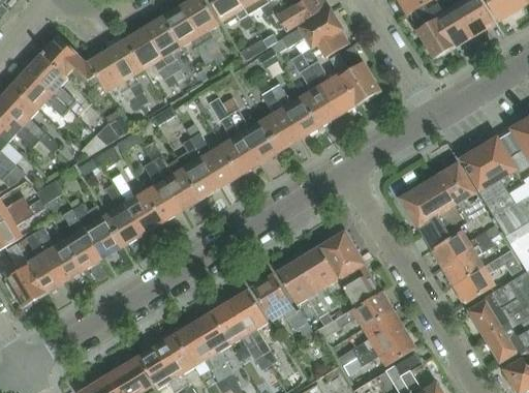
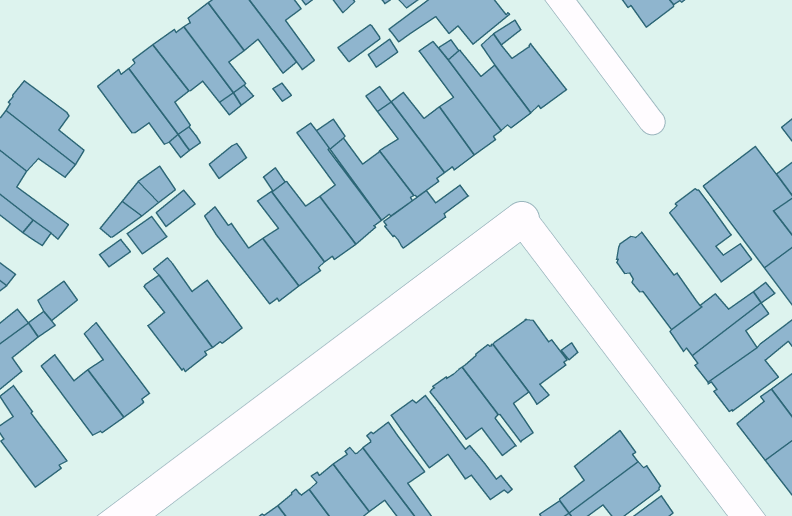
building: [42,33,106,95] -> none
building: none -> [384,185,469,248]
building: [144,161,182,221] -> none
building: [419,176,466,233] -> none
building: [72,203,123,256] -> none
building: [26,233,63,294] -> none
building: [316,265,394,339] -> none

